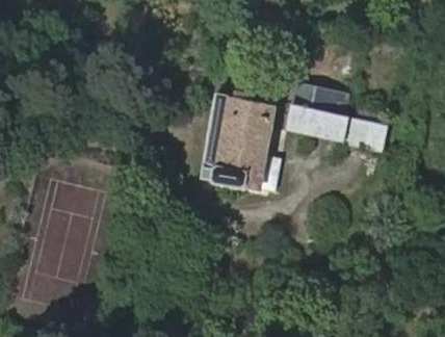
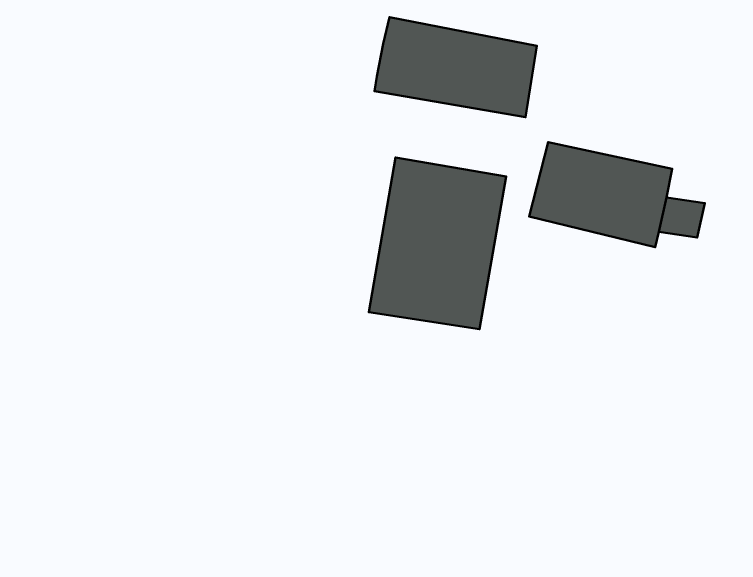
building: none -> [374,17,537,117]

